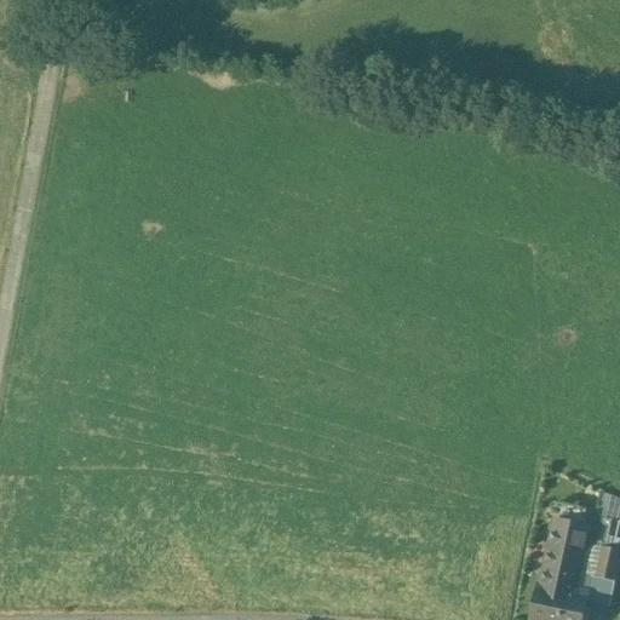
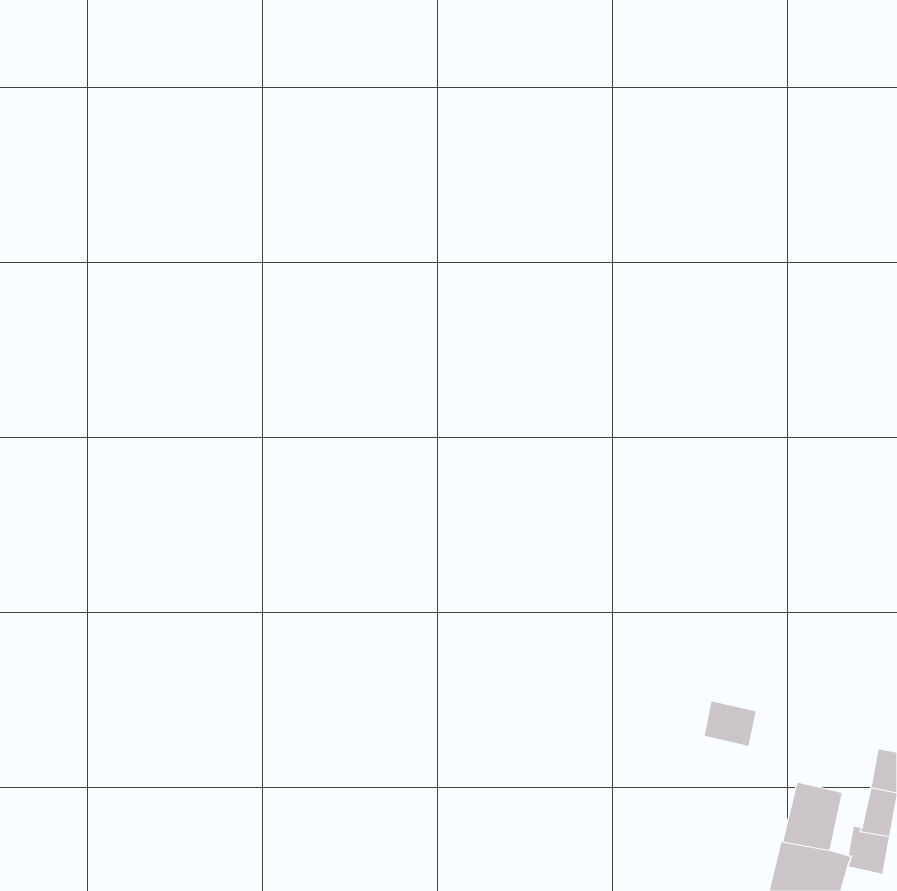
building: [550,516,586,547] -> [704,701,756,746]

